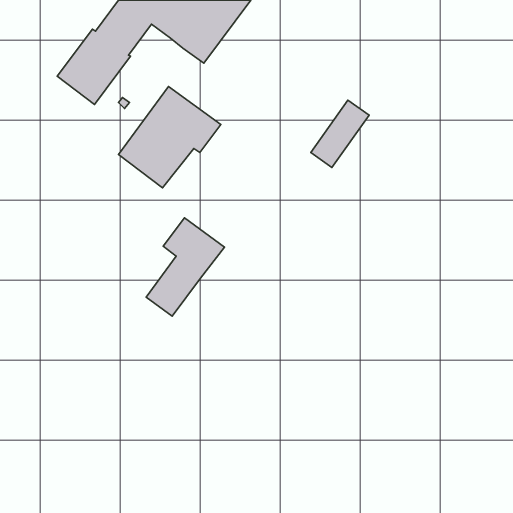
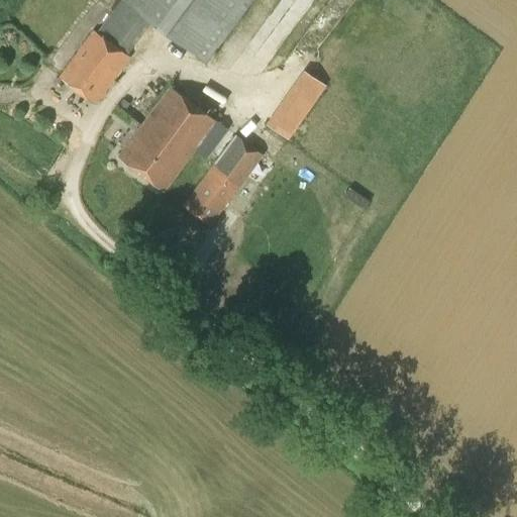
building: [311,100,369,167] -> [267,71,325,138]
building: [146,218,225,316] -> [184,125,263,224]

